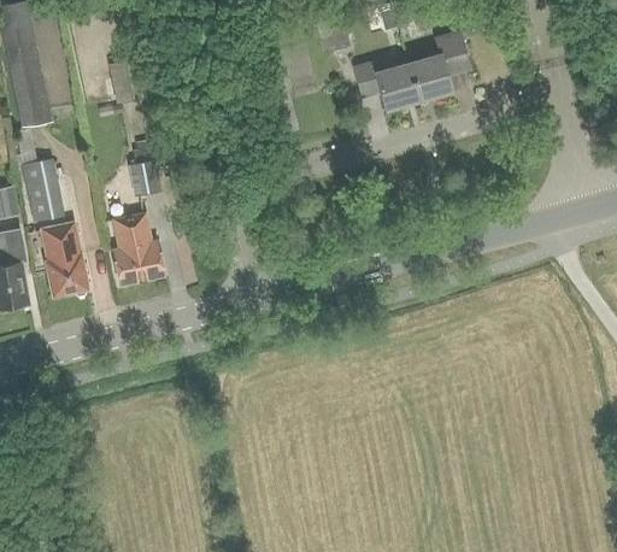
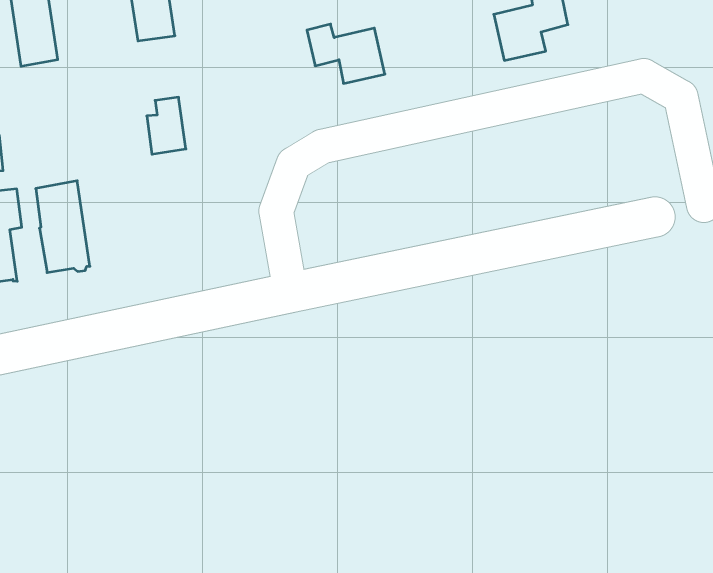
building: [353,61,419,110] -> [307,24,385,83]
building: [23,157,64,221] -> none
building: [113,215,164,283] -> none

